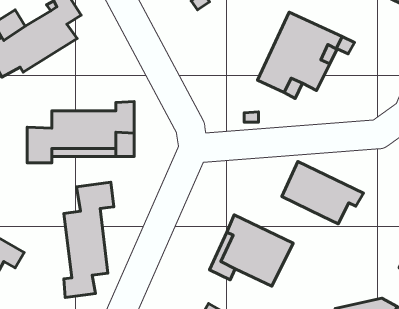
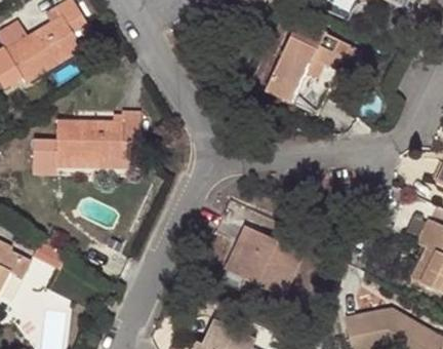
building: [282,161,364,224] -> none
building: [64,182,114,297] -> none

